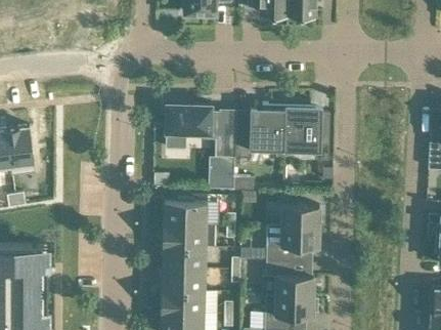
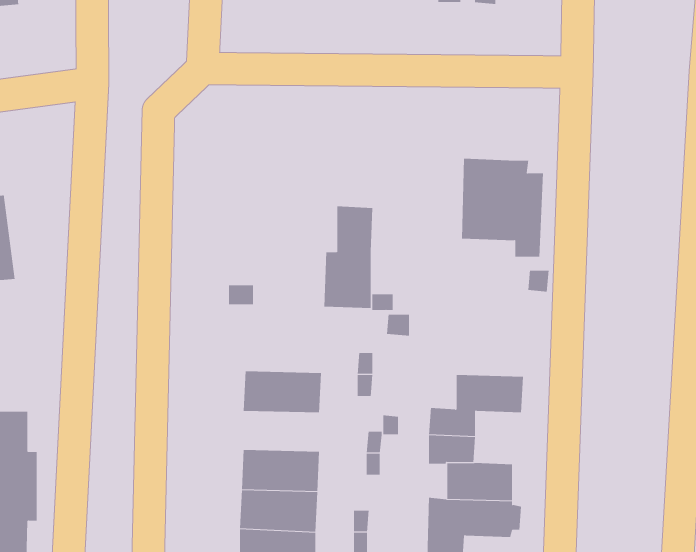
building: [162,99,212,150] -> none
building: [234,105,285,159] -> none
building: [164,198,207,225] -> none
building: [281,206,319,228] -> none
building: [163,247,206,270] -> none

